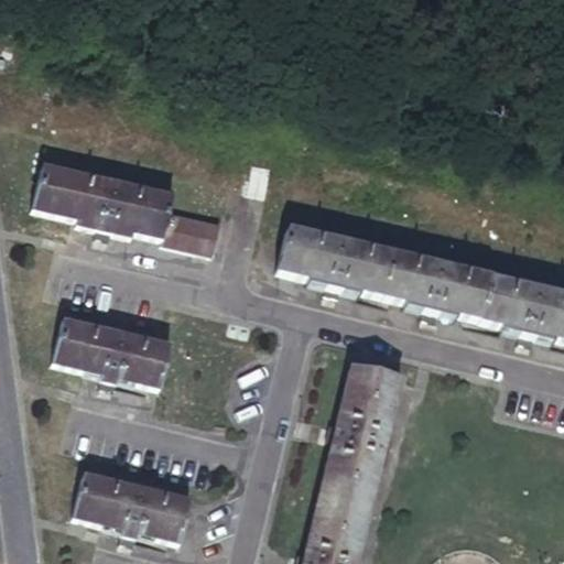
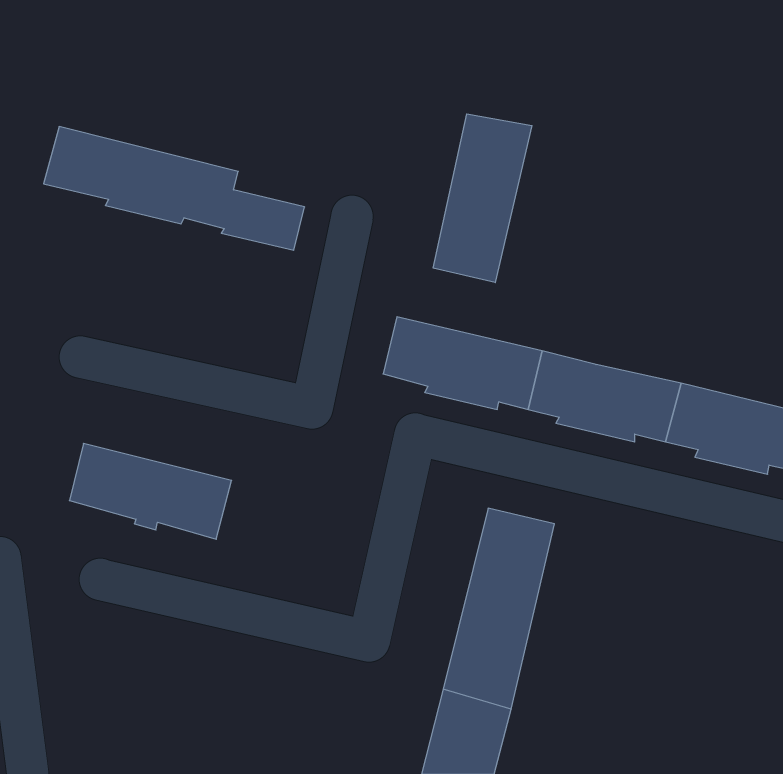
building: none -> [433,114,532,283]
building: [33,163,219,251] -> [44,127,305,250]
building: [75,471,191,539] -> none

